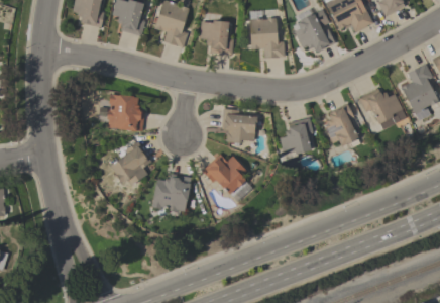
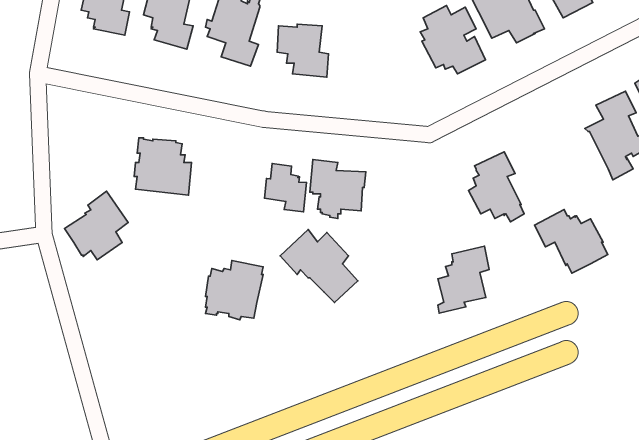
building: [249,10,285,59] -> none
building: [358,88,406,129] -> [535,209,608,273]
building: none -> [264,164,307,212]
building: [280,117,313,161] -> [438,246,489,313]
building: [110,141,151,186] -> [64,191,128,260]

